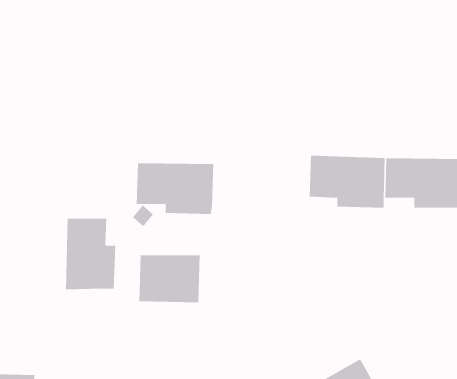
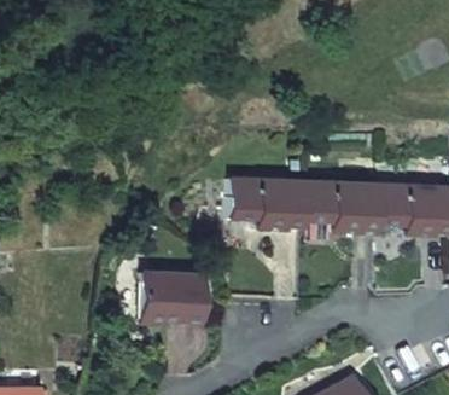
building: [136,163,214,214] -> [232,179,307,228]
building: [66,218,116,290] -> none

